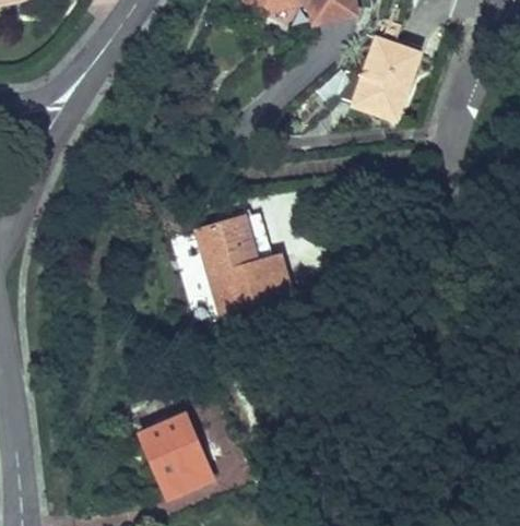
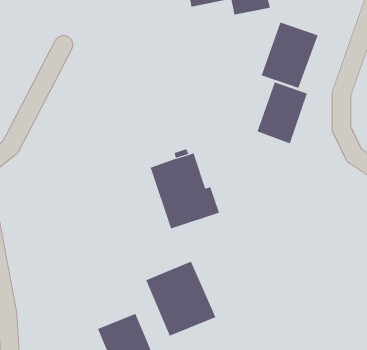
building: none -> [257,81,308,144]
building: none -> [146,261,216,337]

